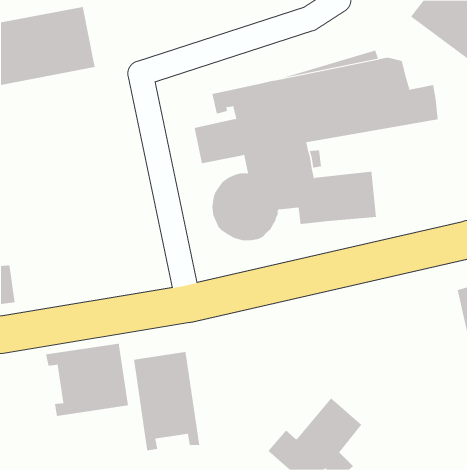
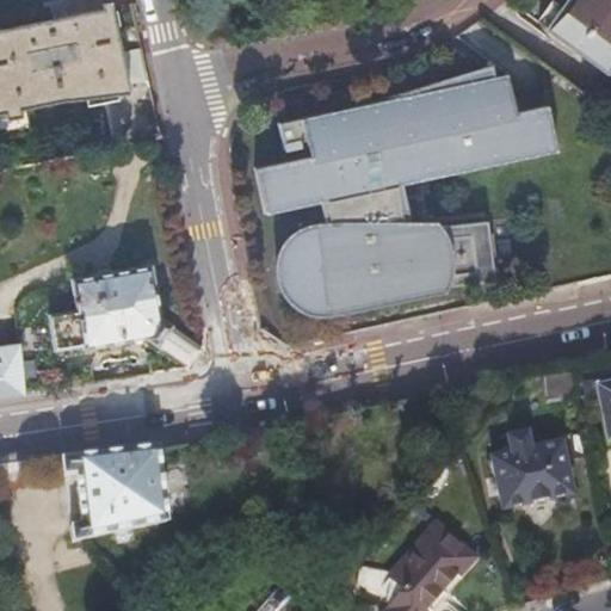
building: none -> [49,266,205,368]
building: none -> [340,270,430,310]
building: none -> [494,442,572,508]
building: [134,351,200,451] -> none

